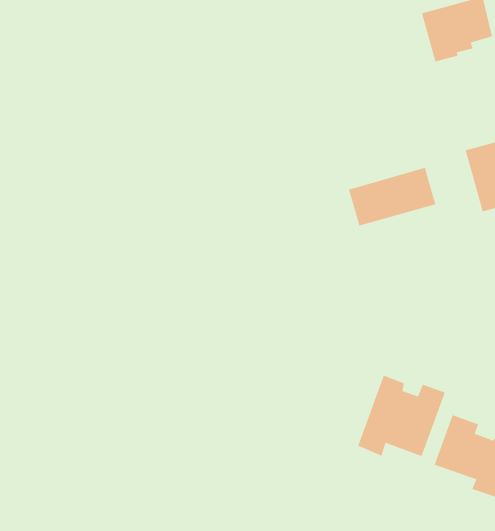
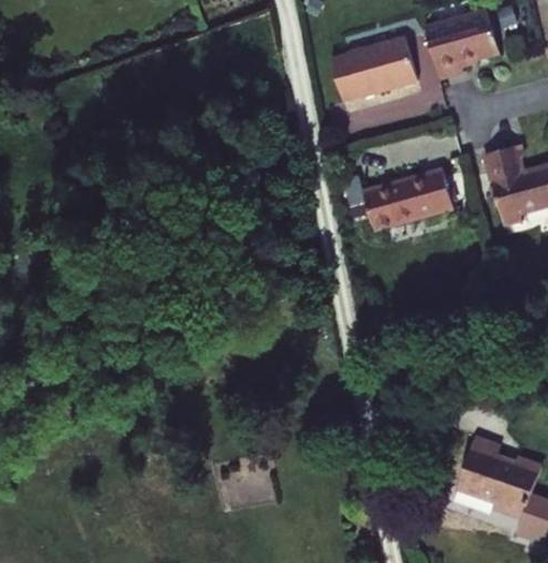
building: none -> [343,31,429,95]
building: [357,375,445,457] -> none

